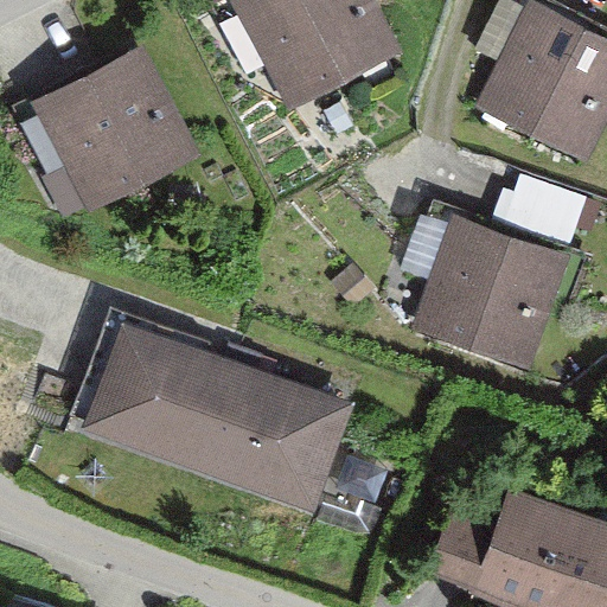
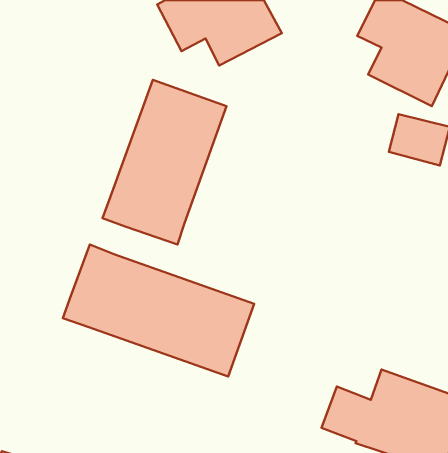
building: [23,57,187,196] -> none
building: none -> [103,80,227,245]
building: [416,211,561,357] -> none

